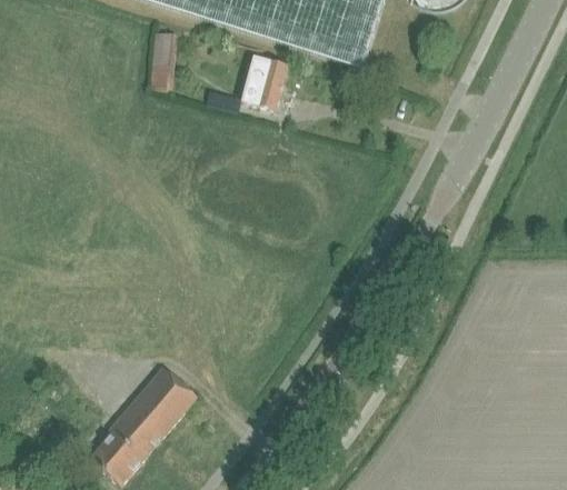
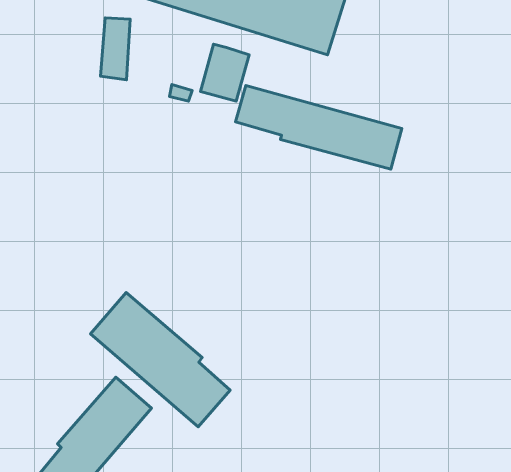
building: none -> [235,86,402,169]
building: none -> [91,293,230,427]

